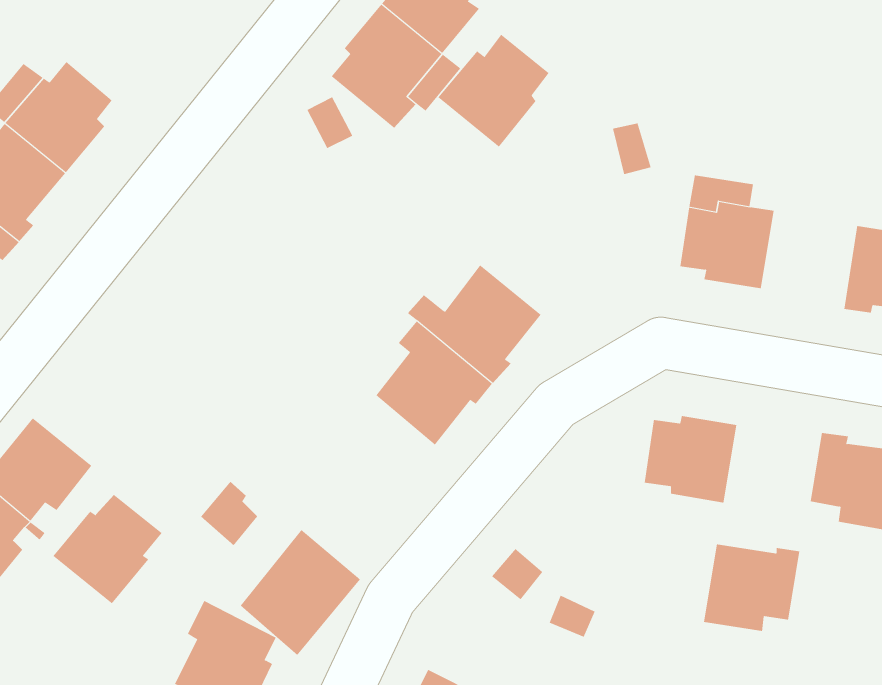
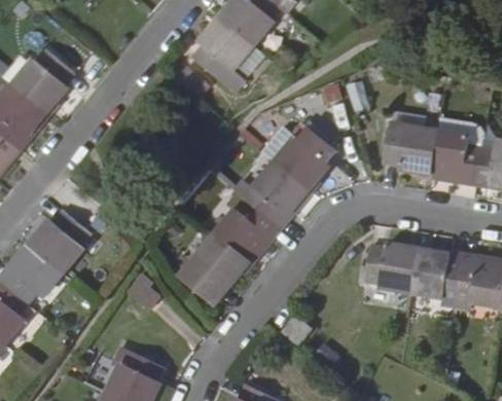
building: [438,34,549,148] -> [275,126,336,189]
building: none -> [430,119,482,186]
building: [52,494,162,604] -> [28,212,88,272]
building: [240,529,361,656] -> [183,233,250,303]
building: [703,544,800,631] -> [409,250,463,298]

